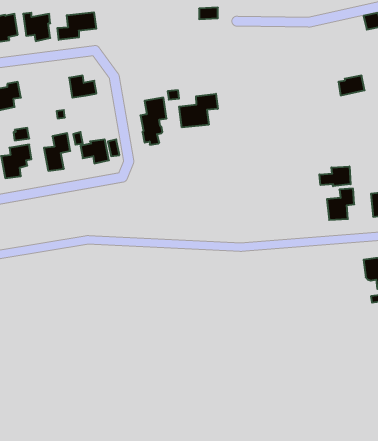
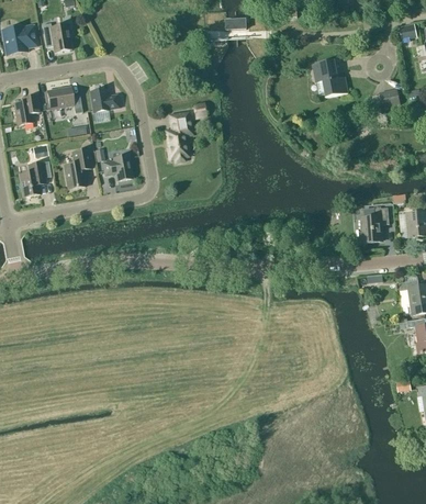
building: [57,12,96,40] -> none
building: none -> [312,59,348,97]
building: none -> [46,88,82,113]
building: [179,94,218,127] -> none
building: [319,166,351,186] -> none

